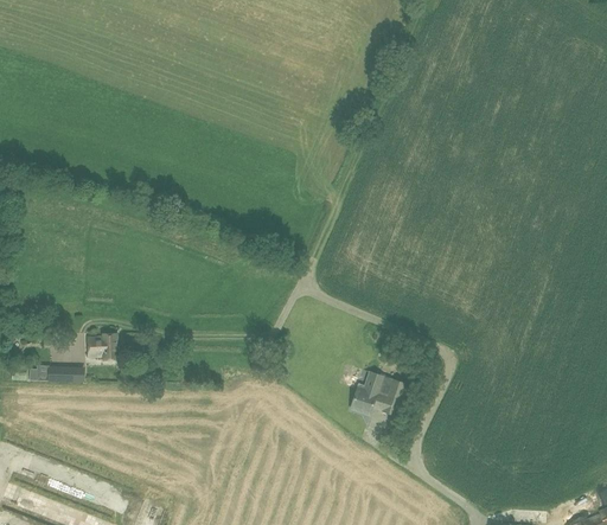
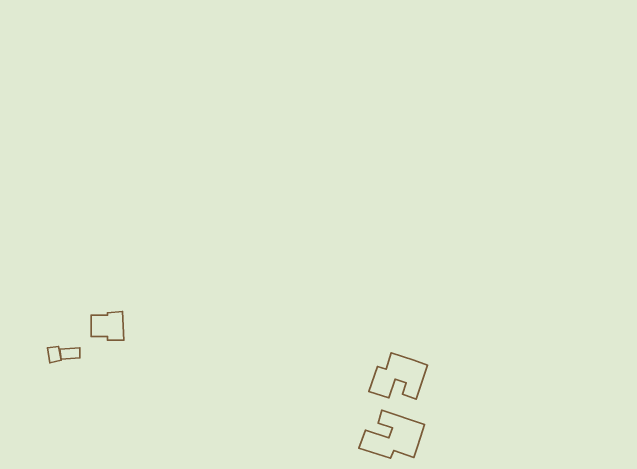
building: none -> [359,410,424,458]

